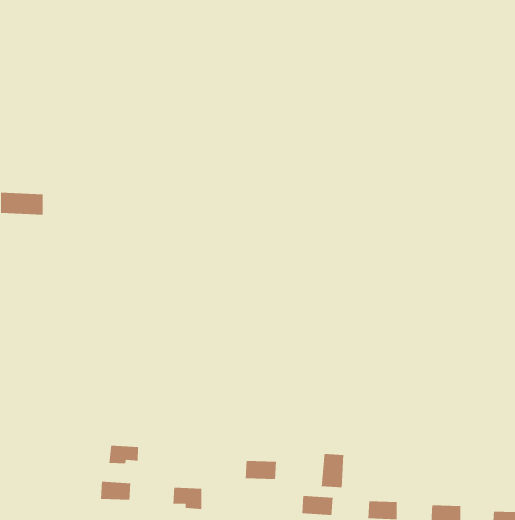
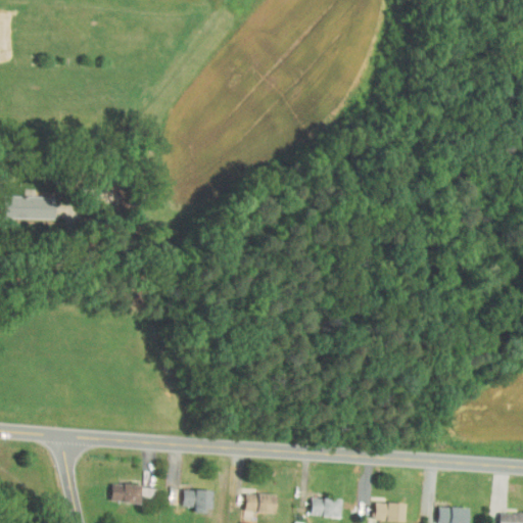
building: [109,445,139,464] -> none
building: [321,453,344,488] -> none
building: [245,460,277,480] -> [245,493,277,513]

